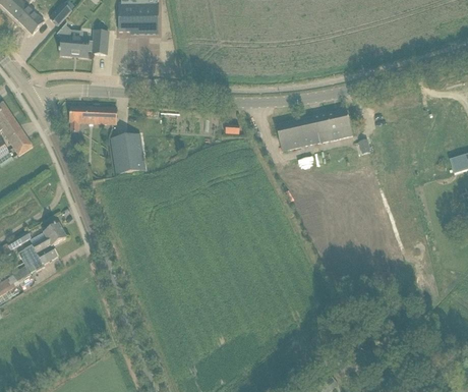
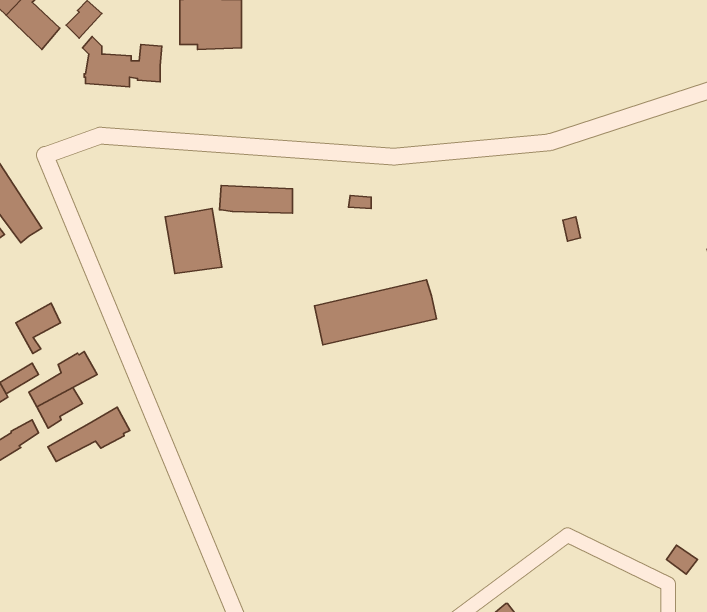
building: [69,106,115,123] -> [219,185,292,213]
building: [275,109,351,150] -> [315,280,436,345]
building: none -> [16,303,60,354]
building: none -> [48,407,130,462]

